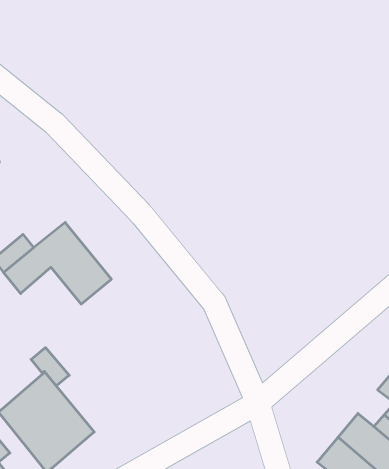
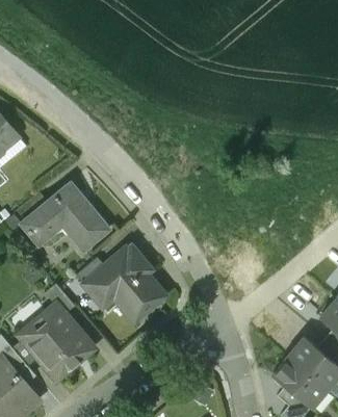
building: none -> [85,253,165,322]

